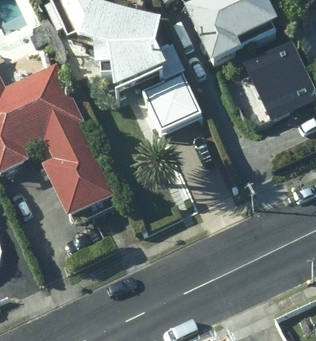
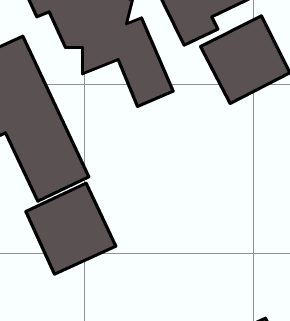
building: none -> [26,183,116,274]

